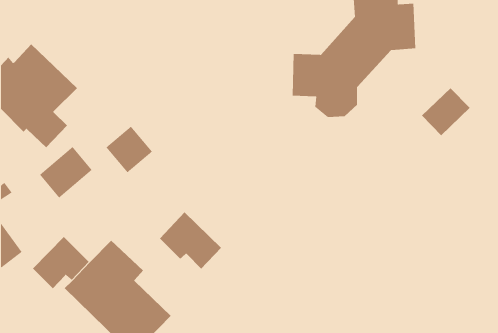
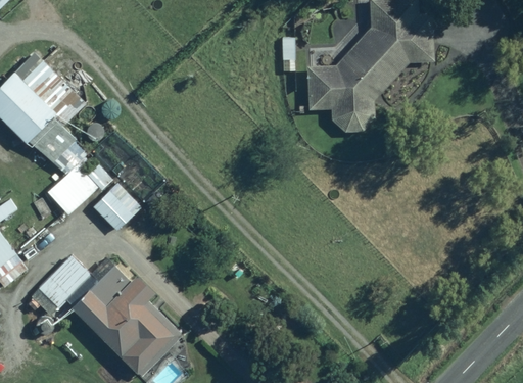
building: [421,87,471,136] -> none
building: [106,126,153,173] -> [94,184,143,233]
building: [159,212,222,270] -> none

